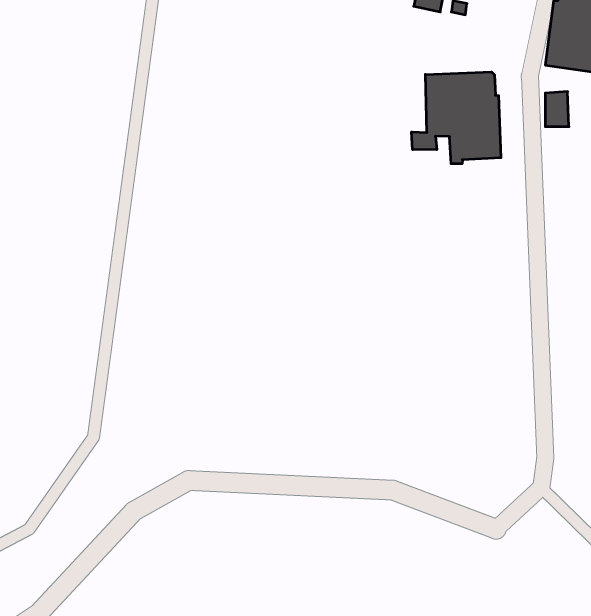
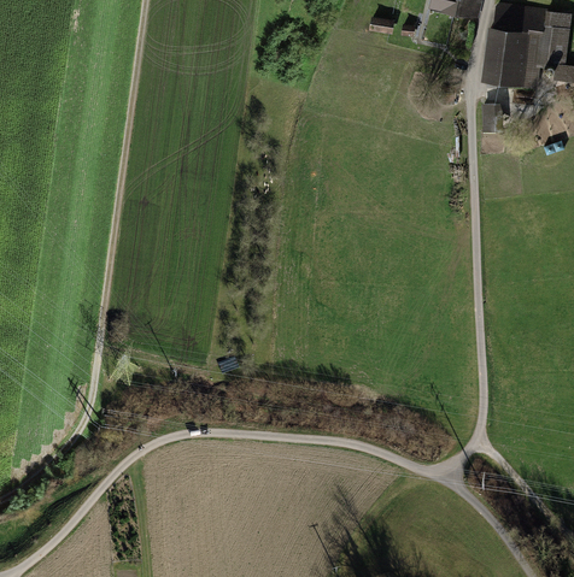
building: [412,72,501,164] -> none

